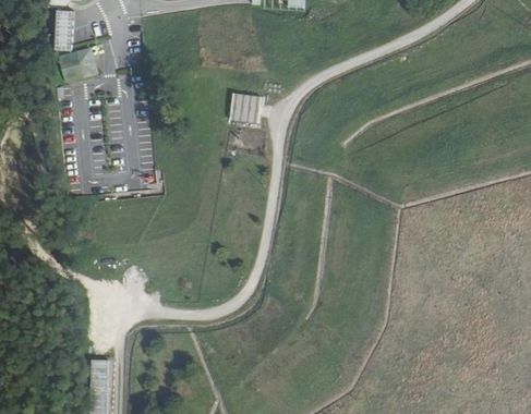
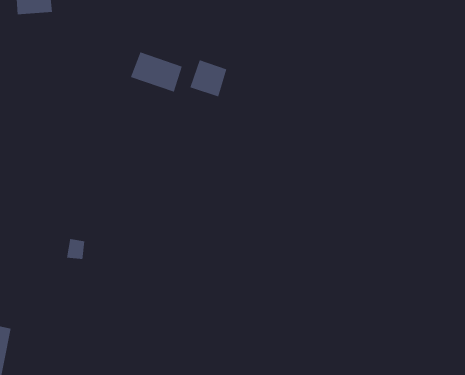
building: none -> [130,51,182,92]

